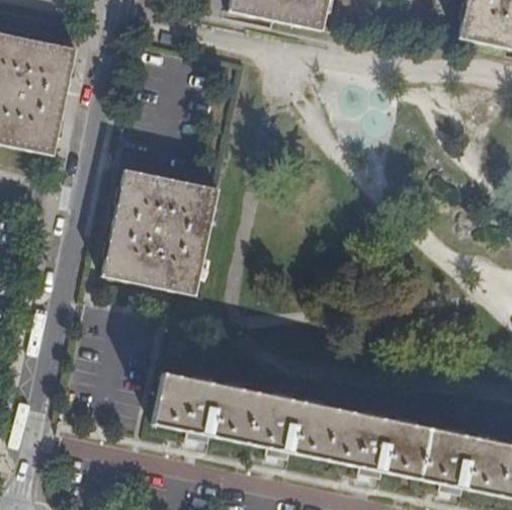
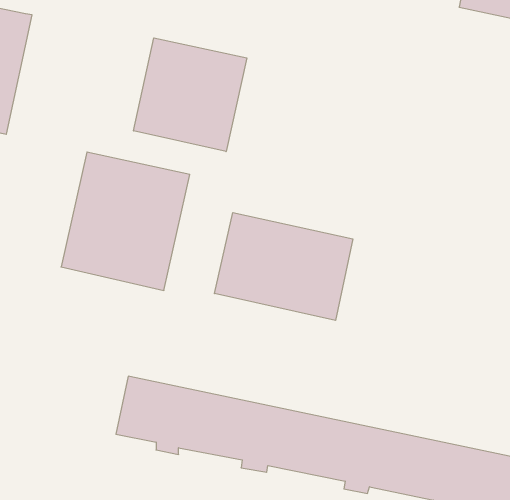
building: none -> [134,38,247,152]
building: none -> [214,213,353,320]

